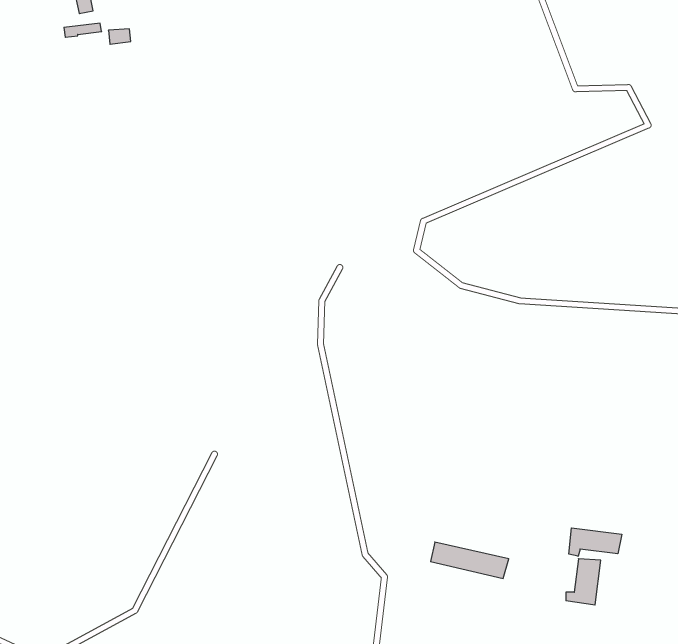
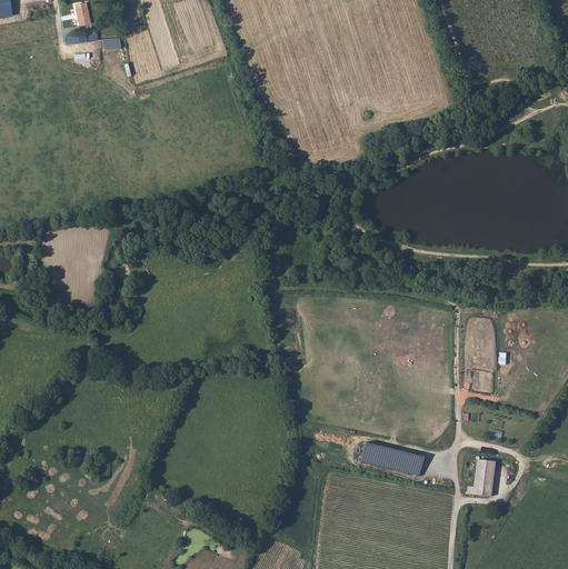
building: [569,528,622,556] -> none

